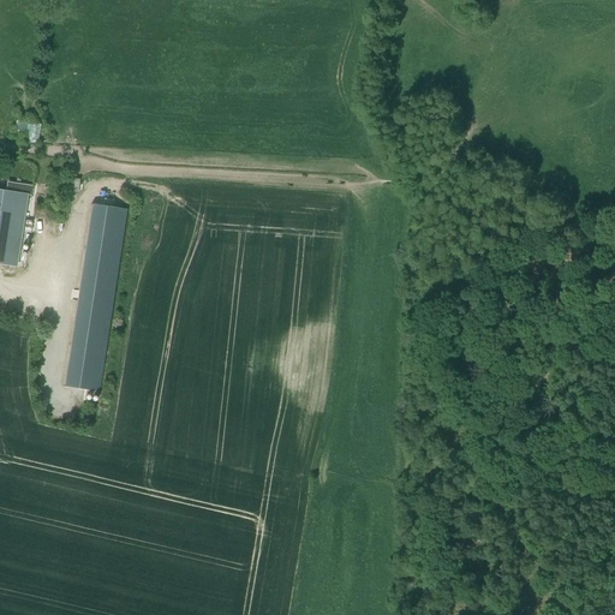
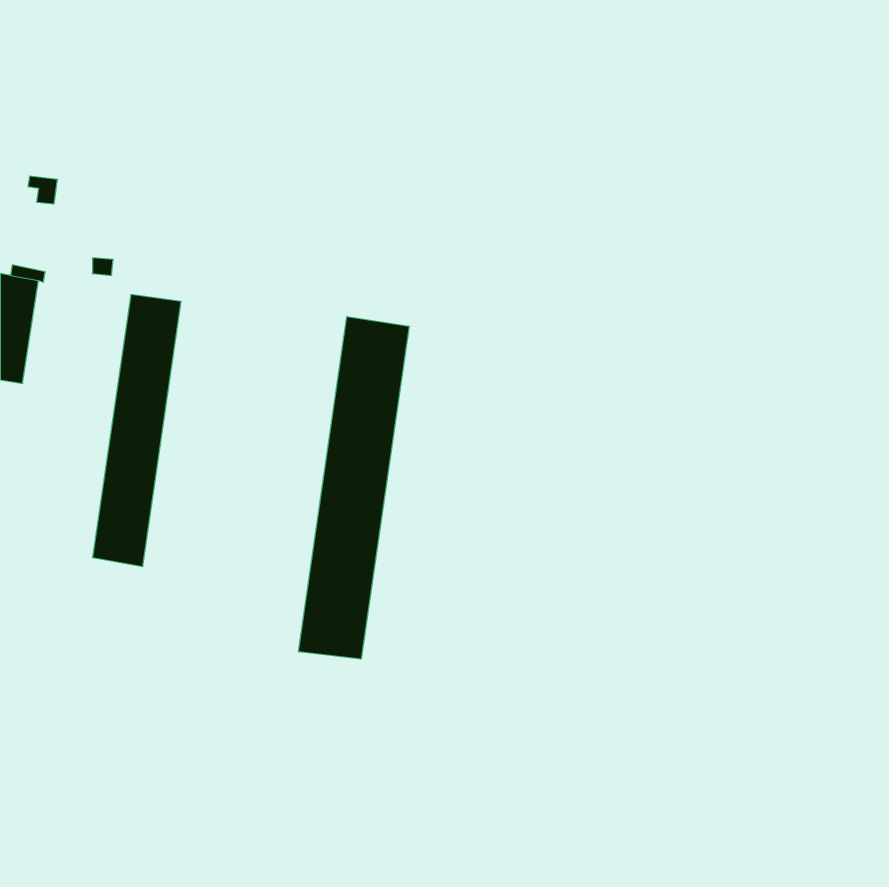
building: none -> [298,317,409,659]

